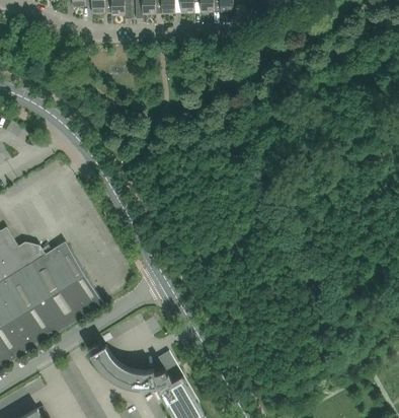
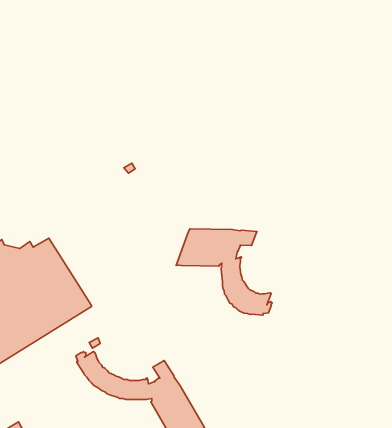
building: none -> [176,229,272,315]

